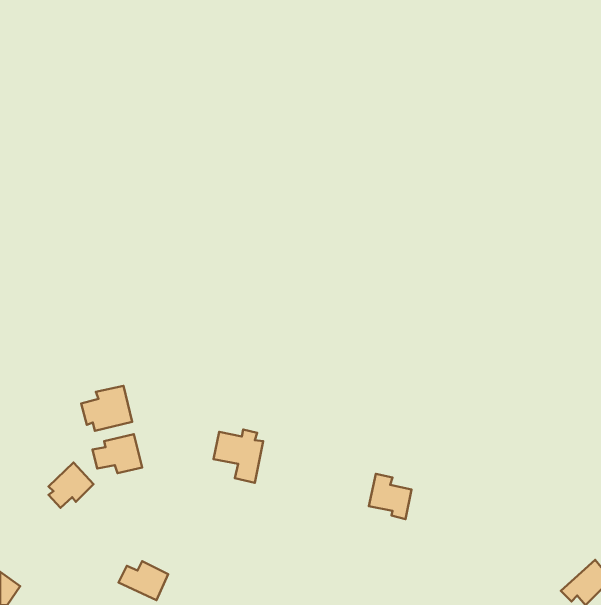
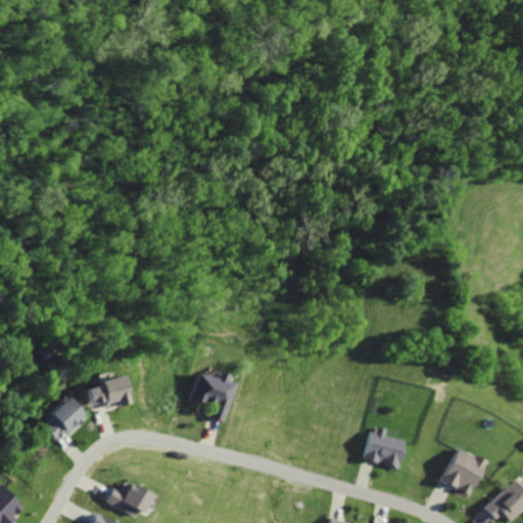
building: [81,386,132,431] -> none
building: [369,474,411,519] -> [367,426,403,465]
building: none -> [443,450,488,493]

